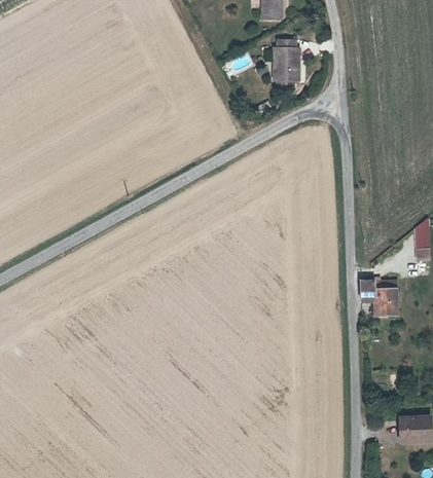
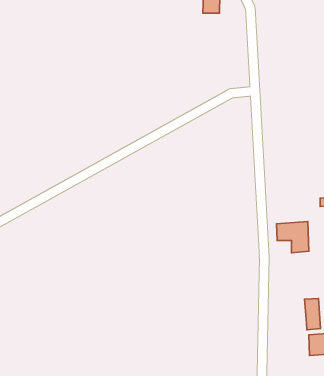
building: [276,39,302,81] -> none
building: none -> [305,299,321,330]

